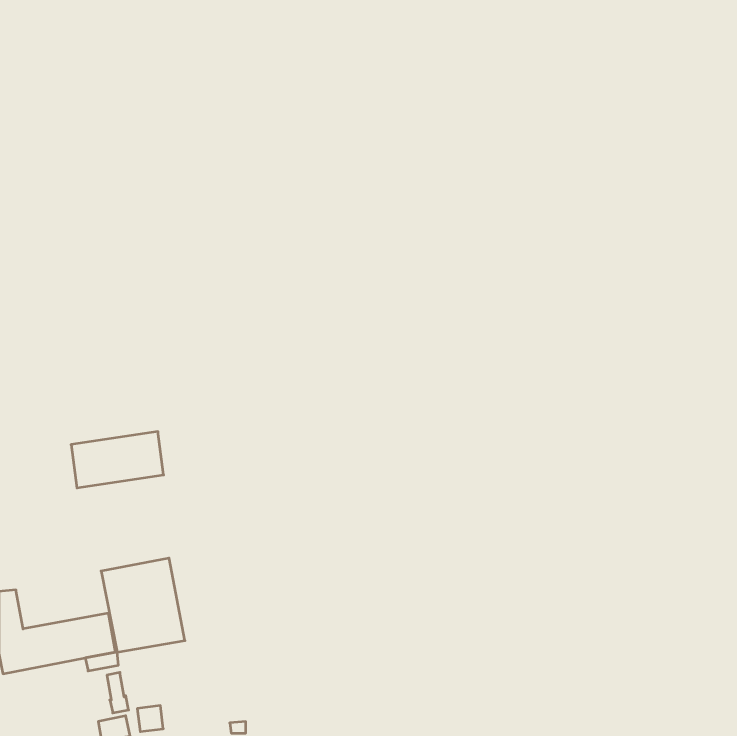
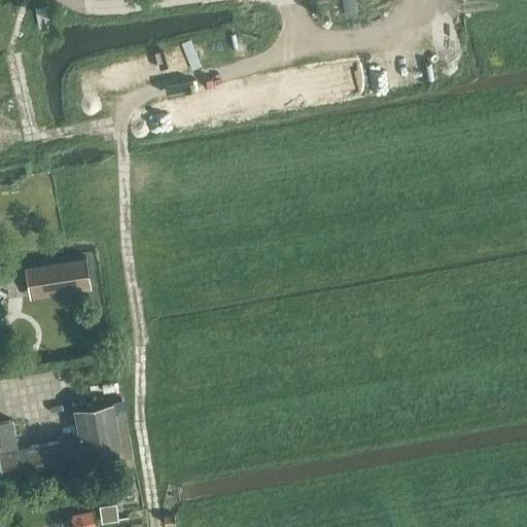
building: [71,432,164,488] -> [24,260,90,301]

